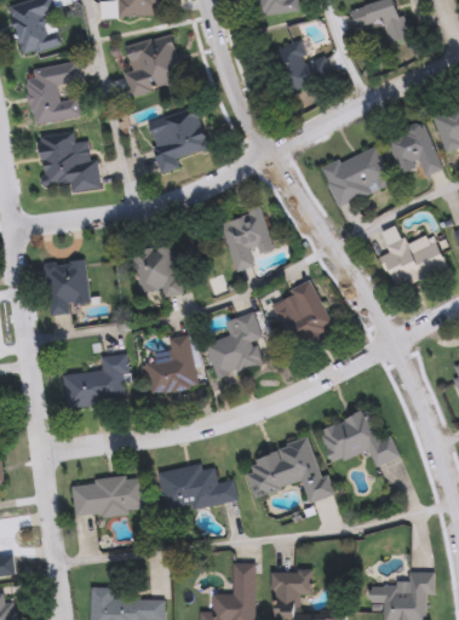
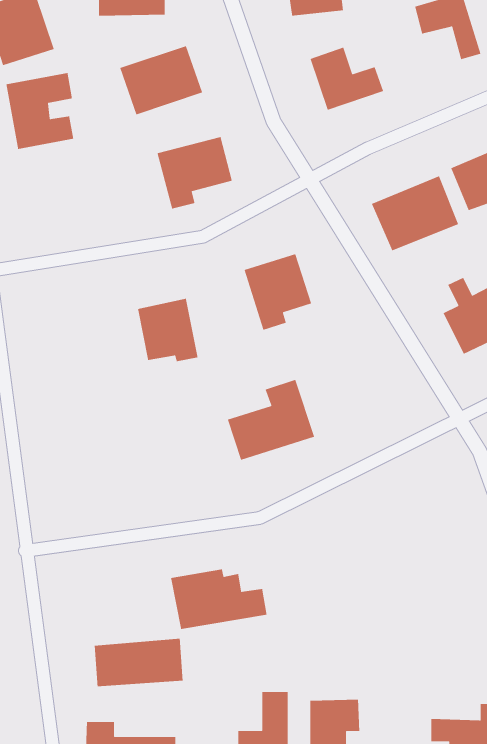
building: [38,131,101,194] -> none
building: [45,260,90,316] -> none
building: [272,283,335,349] -> none
building: [145,335,199,392] -> none
building: [63,354,130,408] -> none
building: [320,411,400,466] -> none
building: [245,438,334,503] -> none
building: [73,476,145,516] -> [94,638,184,687]

